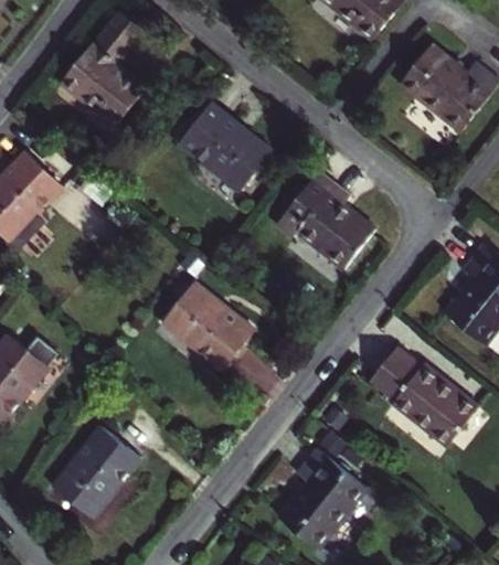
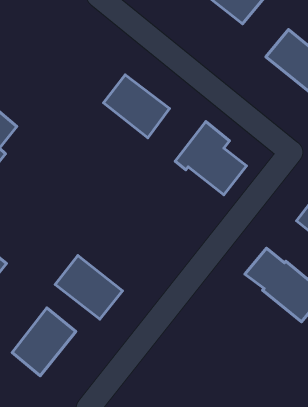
building: [62,11,148,126] -> none
building: [162,282,254,370] -> [55,255,122,319]
building: [282,446,370,547] -> none

